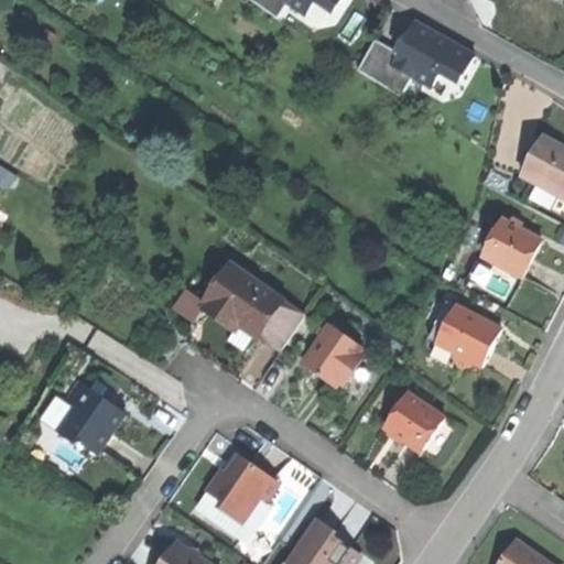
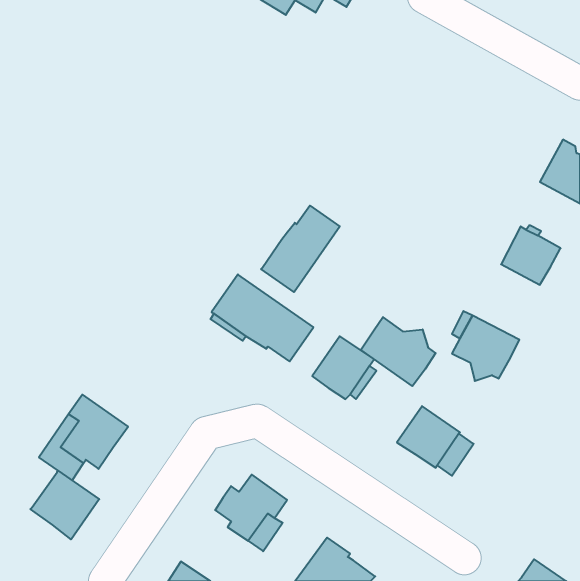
building: [356,19,471,89] -> none
building: none -> [261,206,340,292]
building: none -> [361,317,436,386]
building: none -> [30,470,99,539]

